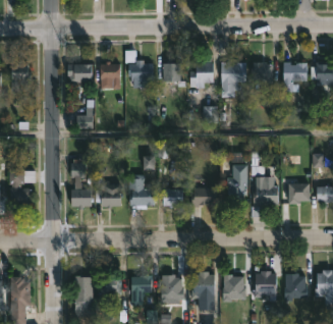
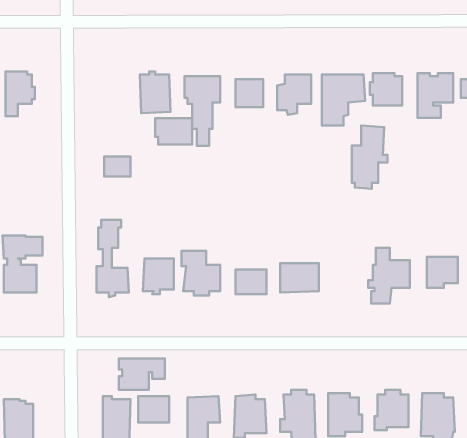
building: [68,64,93,82] -> [155,118,192,145]
building: [227,164,251,206] -> [352,126,387,189]
building: none -> [119,359,165,390]

